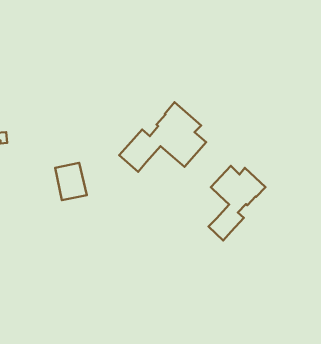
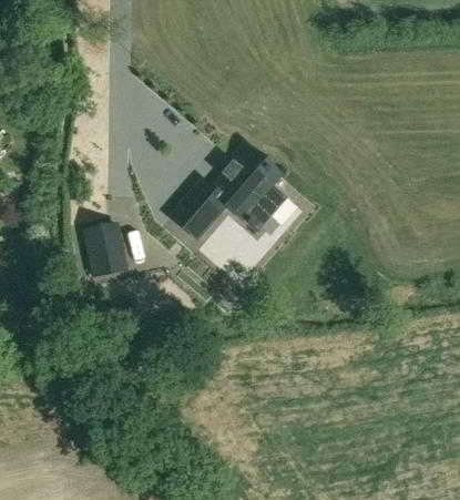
building: [209,166,265,240] -> none

